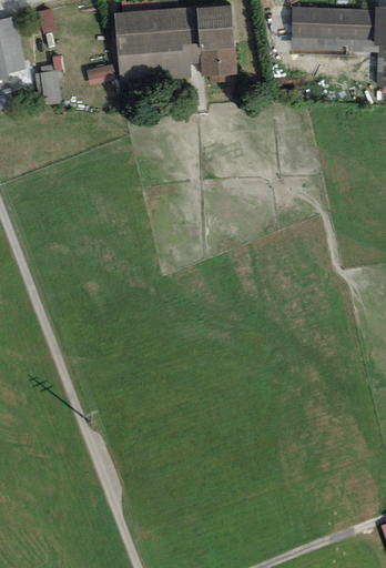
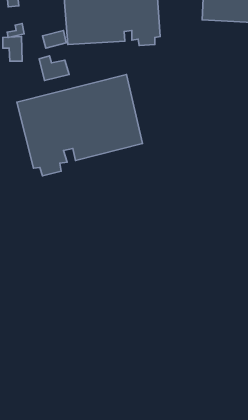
building: none -> [39,56,69,81]
building: none -> [17,75,143,176]

